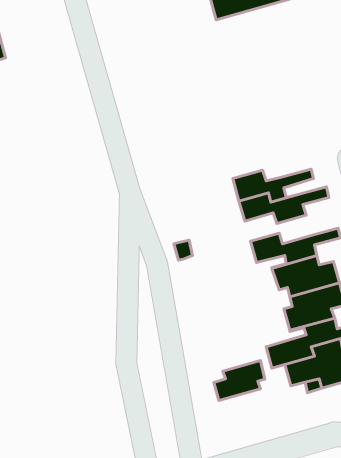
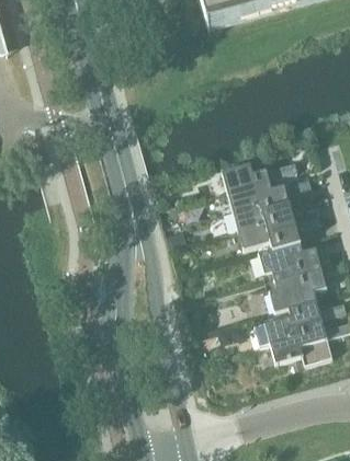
building: none -> [230,193,314,227]
building: [214,361,265,401] -> none

